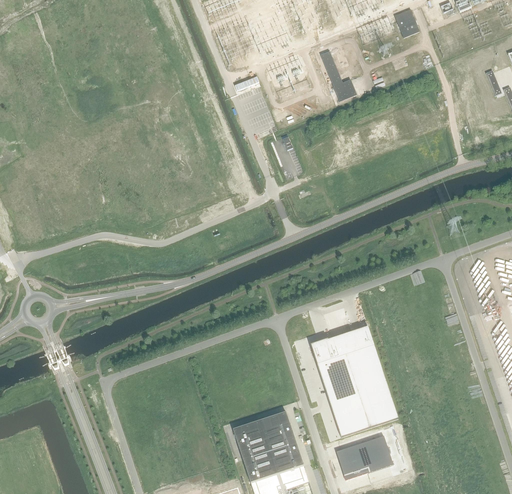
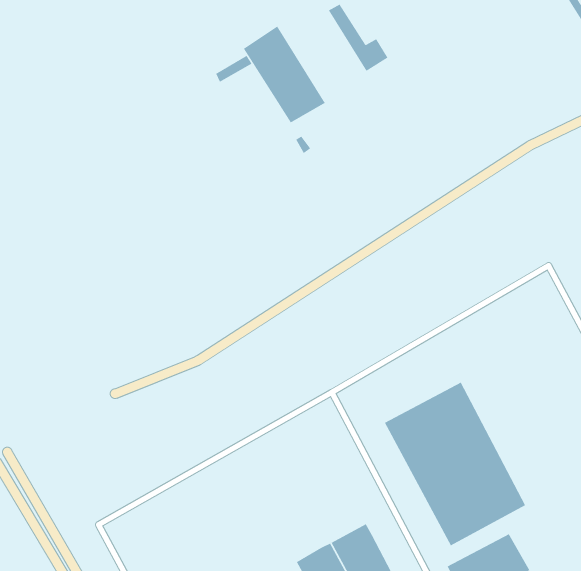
building: none -> [243,25,326,124]

